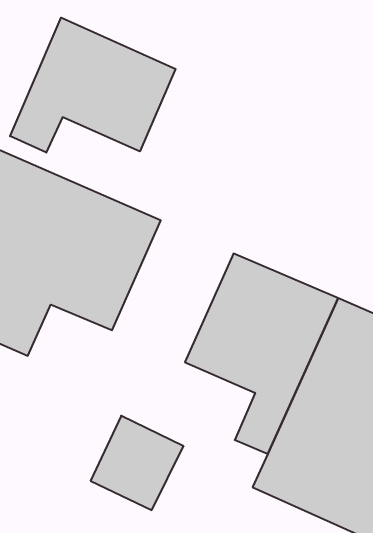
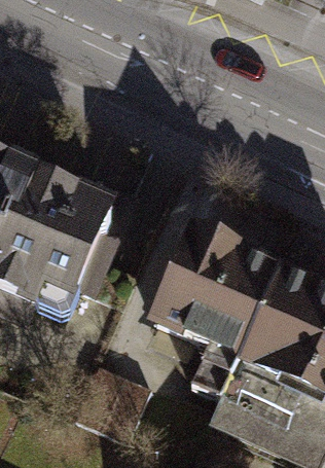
building: [10,18,176,153] -> none

